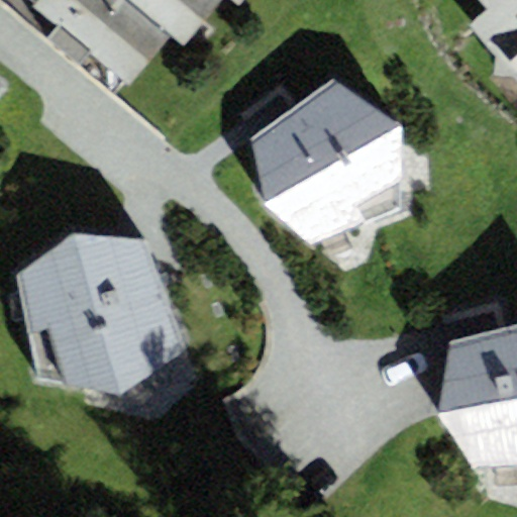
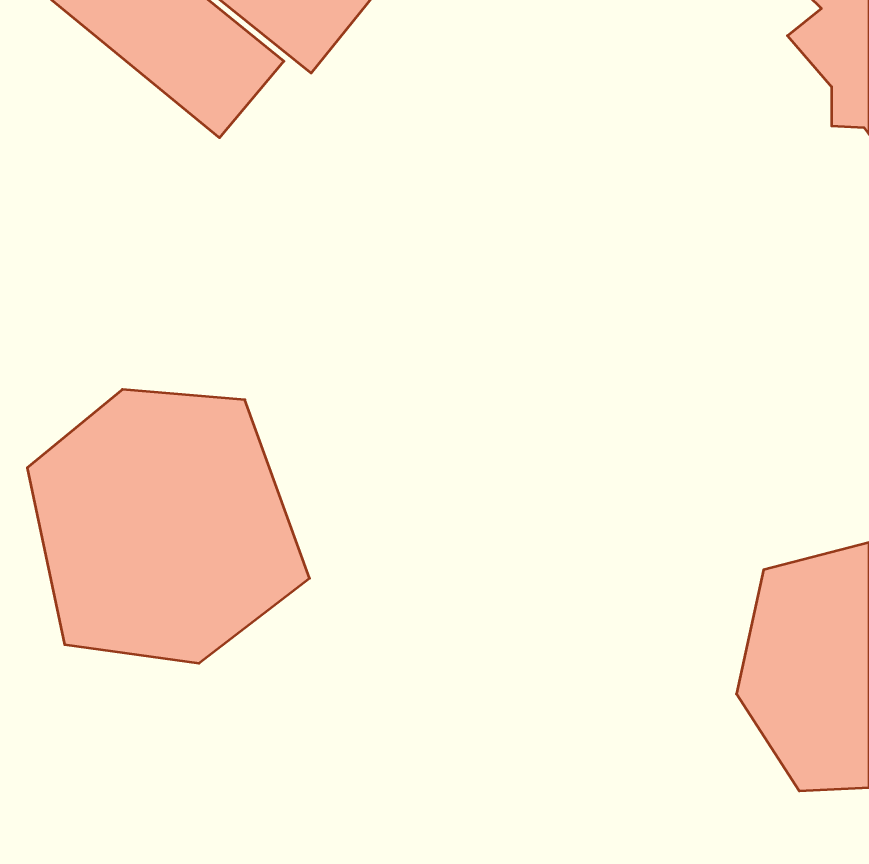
building: [250,77,401,240] -> none

